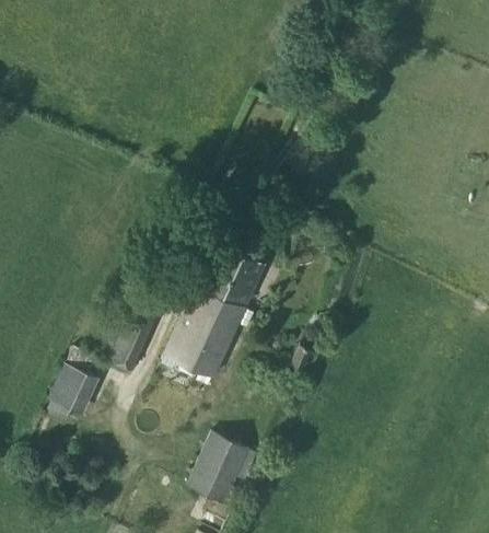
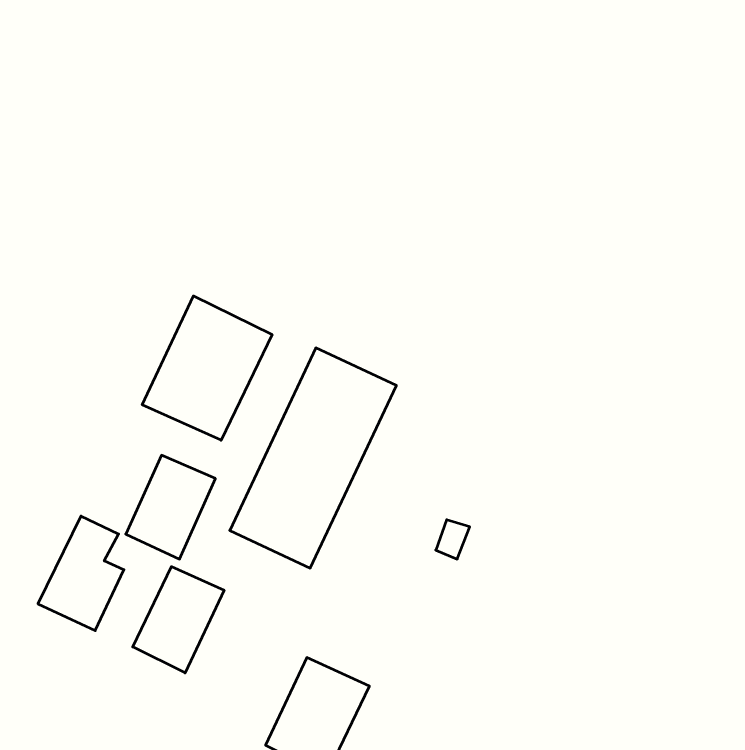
building: none -> [142,296,272,440]
building: none -> [133,567,224,673]

